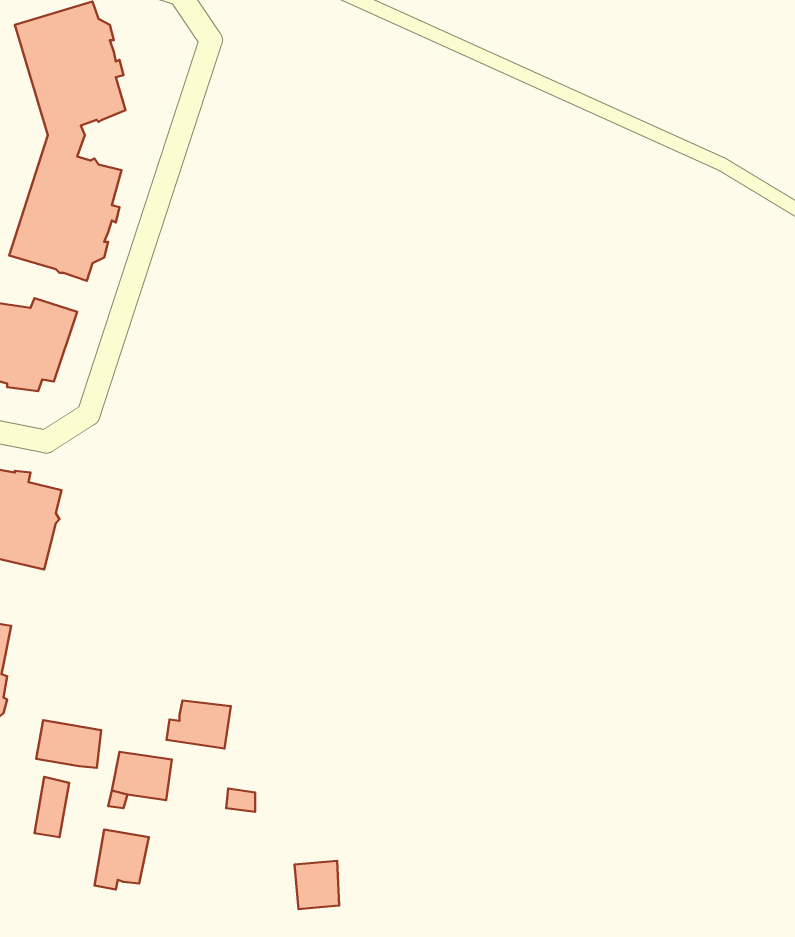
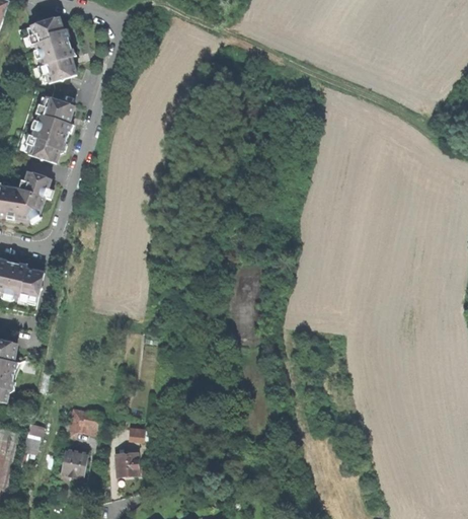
building: [167,700,231,748] -> none
building: [36,720,101,768] -> none
building: [295,861,339,909] -> [114,451,138,476]

